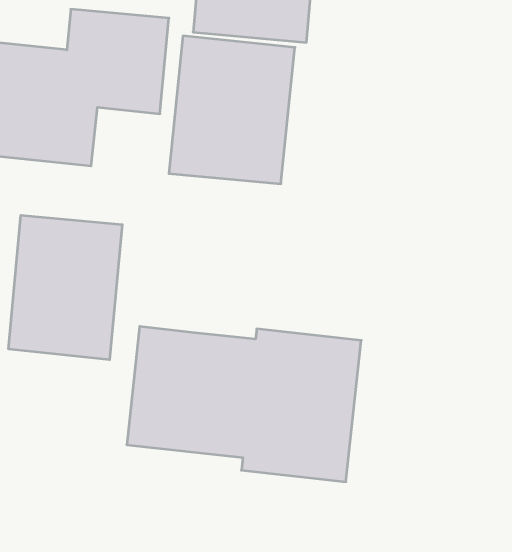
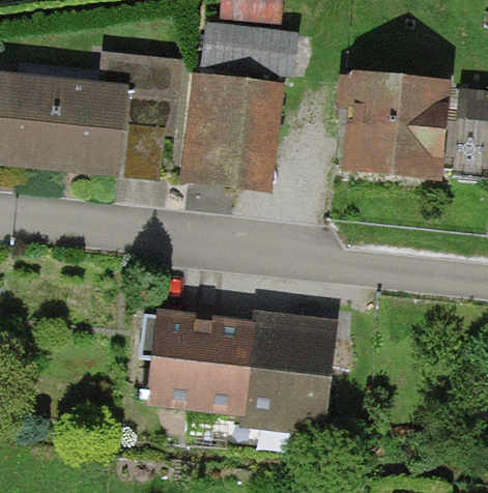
building: none -> [336,70,451,180]
building: [9,215,122,360] -> none

